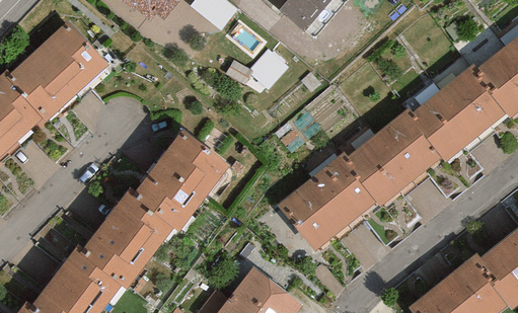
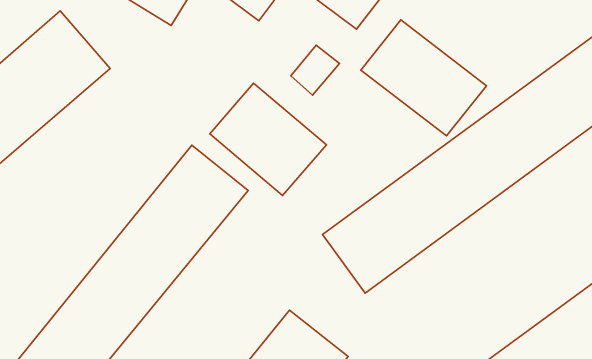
building: none -> [361,20,486,136]
building: none -> [210,83,326,195]

